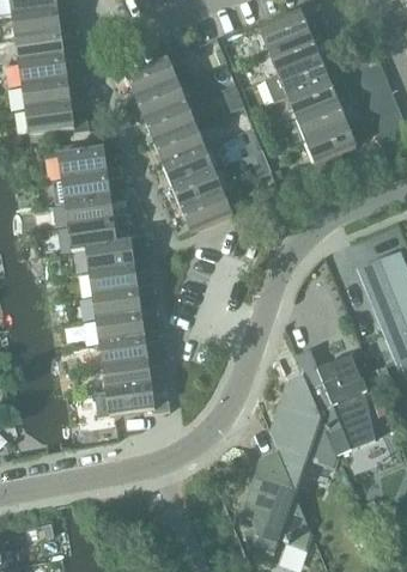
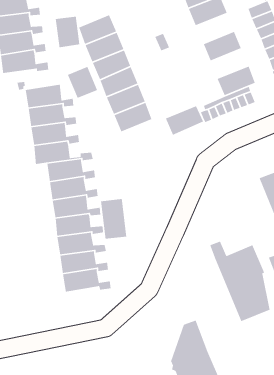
building: [277,55,327,95] -> none
building: none -> [55,16,80,48]
building: [296,101,346,139] -> none
building: none -> [67,66,98,99]
building: [181,191,231,231] -> [165,105,204,136]
building: none -> [100,198,127,240]
building: [269,372,336,489] -> none

